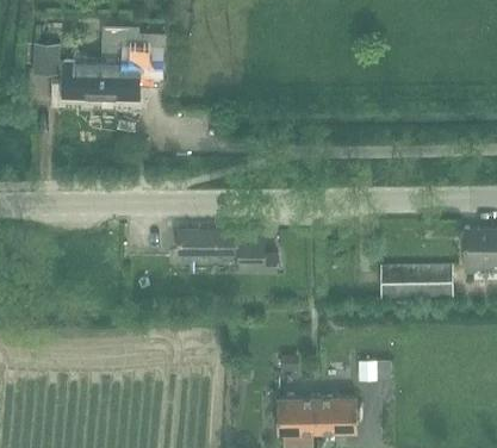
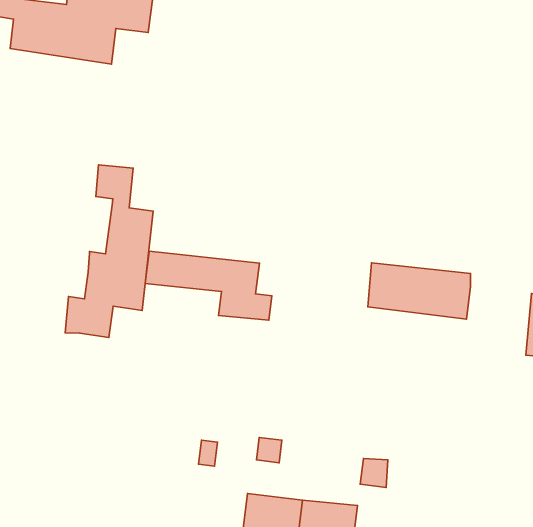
building: none -> [65,165,153,338]
building: [379,265,453,298] -> [368,263,471,319]

